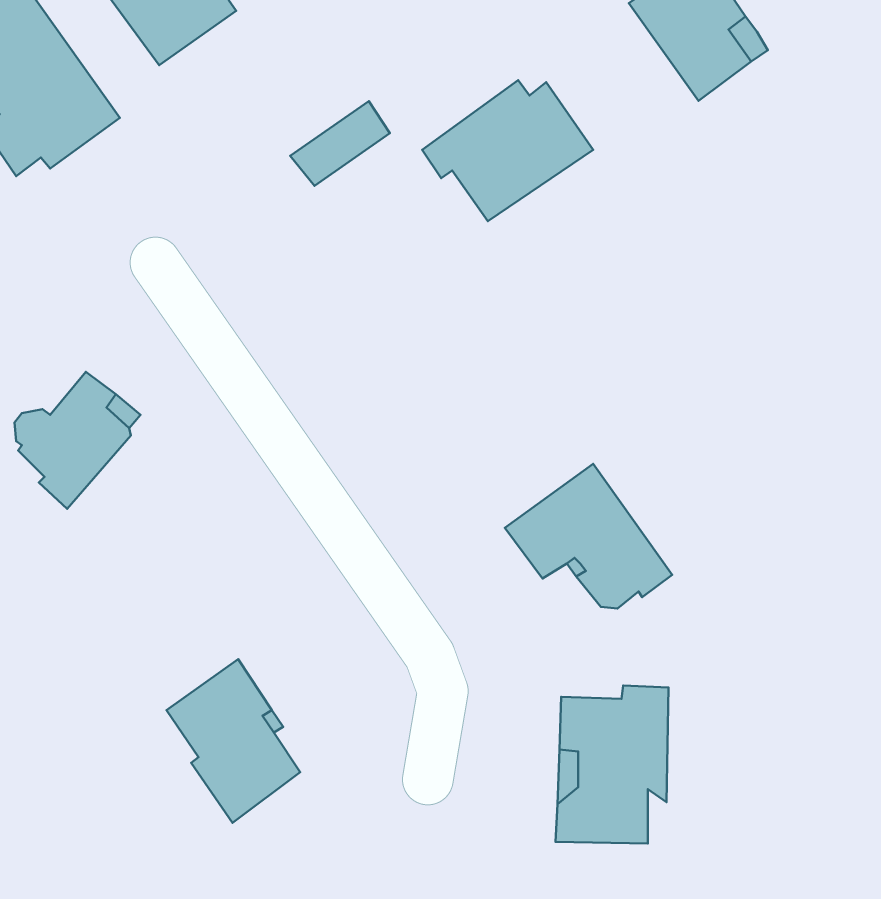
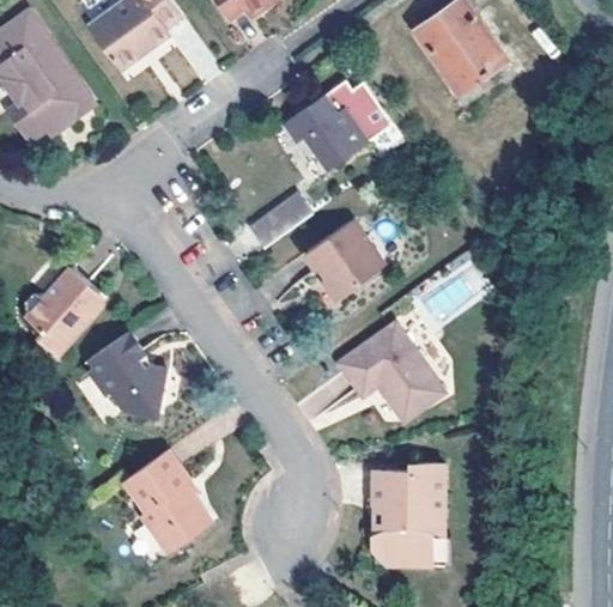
building: [290,101,390,186] -> [248,194,311,248]
building: none -> [306,219,386,297]
building: none -> [80,332,166,426]

